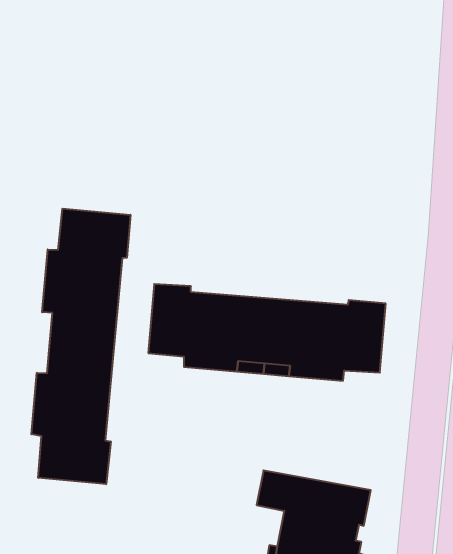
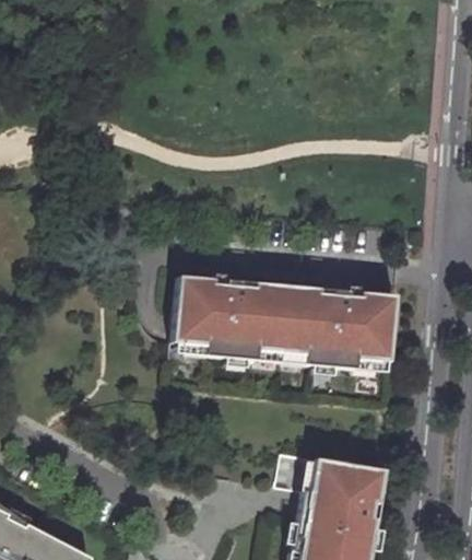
building: [31,209,130,484] -> none

